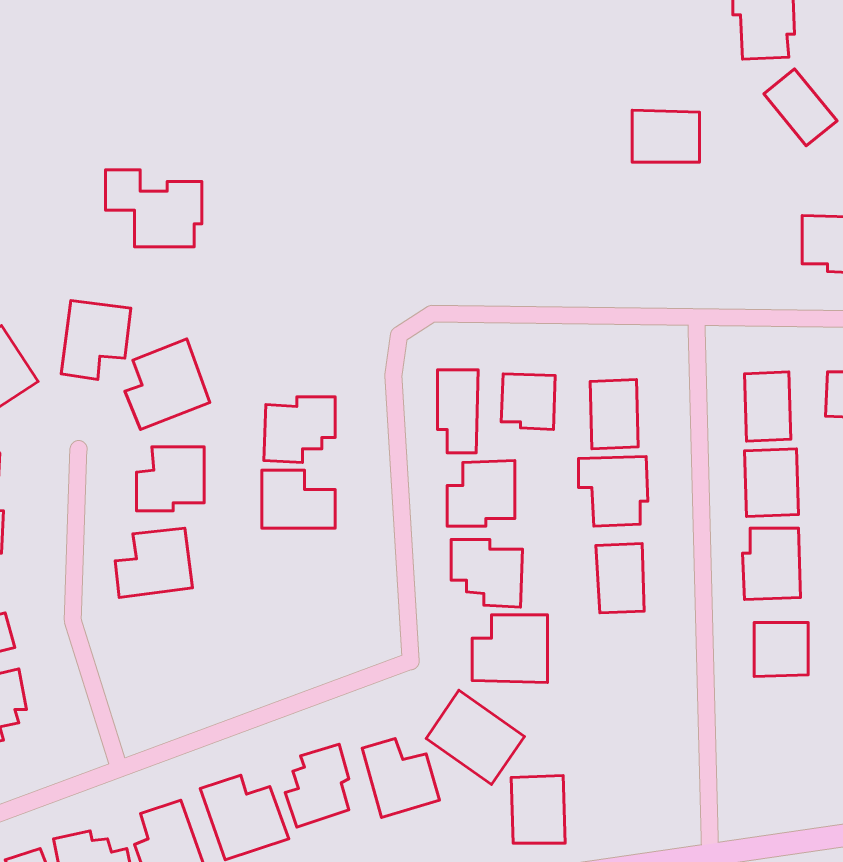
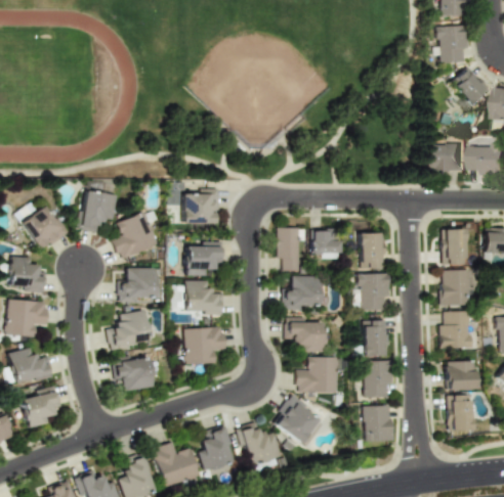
building: [632,110,700,162] -> [428,144,464,172]
building: [105,170,202,247] -> [169,183,220,224]
building: none -> [184,327,225,365]
building: none -> [114,357,153,392]
building: none -> [364,361,393,398]
building: none -> [448,396,472,432]
building: [511,776,565,843] -> [364,406,392,442]

